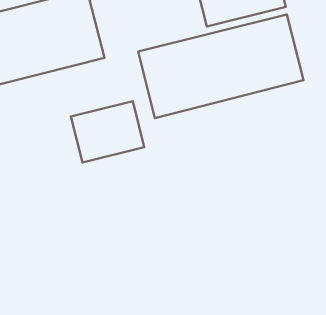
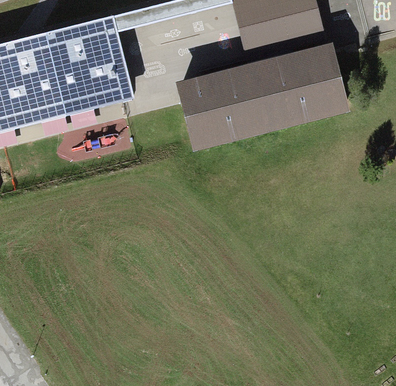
building: [71,101,144,163] -> none

